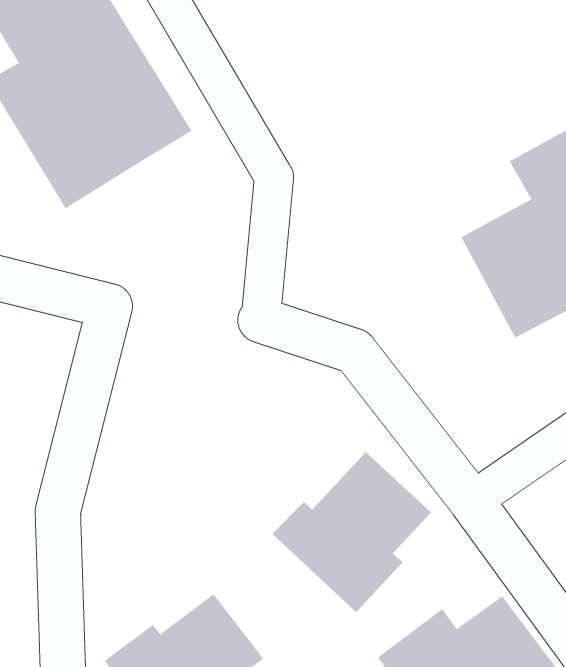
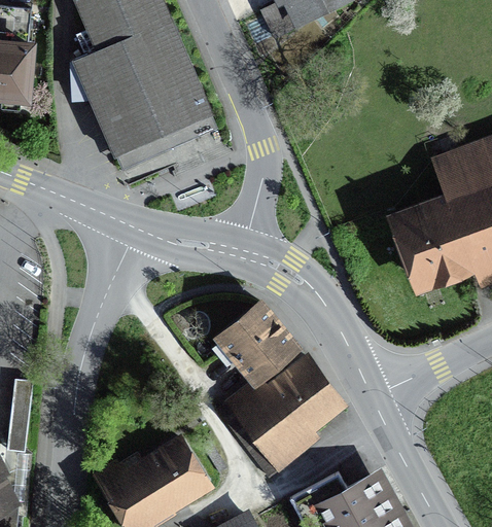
building: none -> [217,306,301,390]

